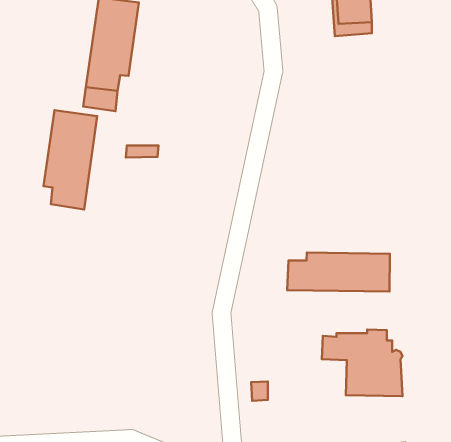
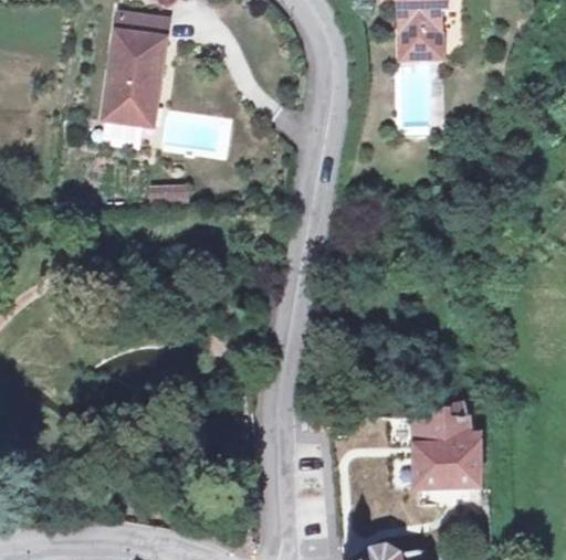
building: [44,110,97,210] -> none
building: [287,253,390,291] -> none

